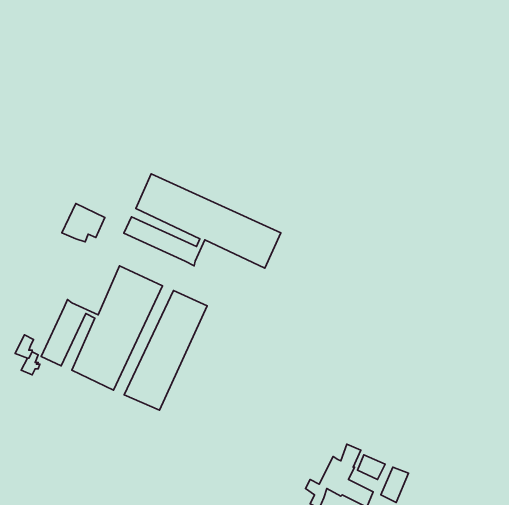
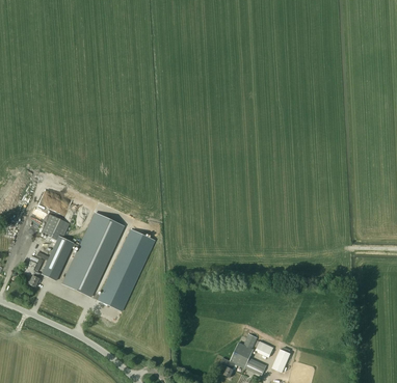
building: [124,174,281,268] -> none
building: [62,204,105,242] -> [41,213,70,239]

